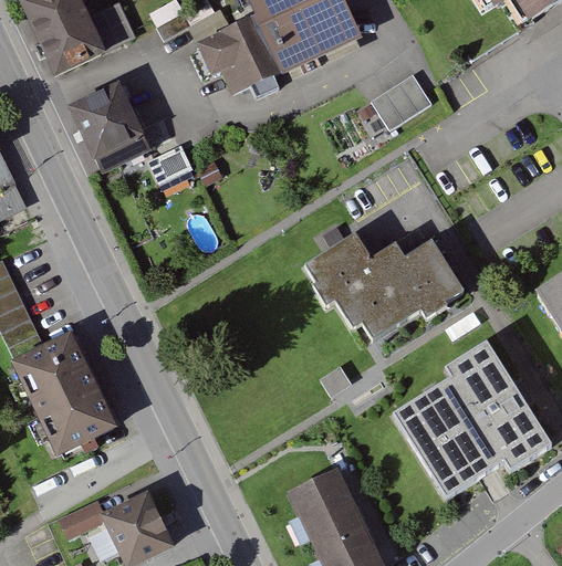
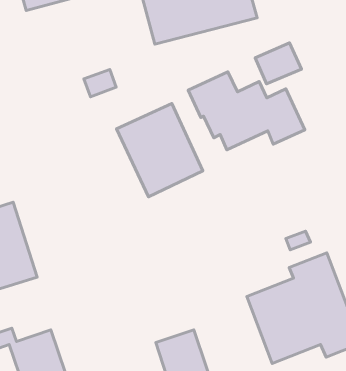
building: [66,81,147,169] -> none
building: none -> [117,103,203,197]
building: [306,234,468,337] -> [188,72,305,150]

